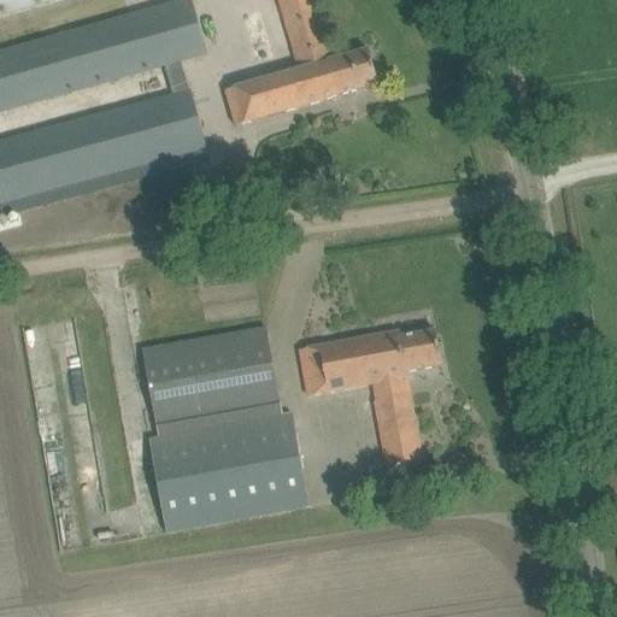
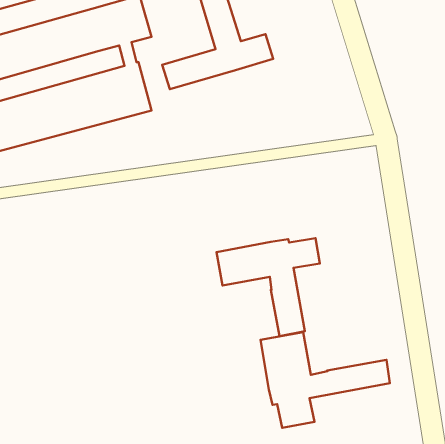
building: [140,325,307,529] -> none
building: none -> [260,332,390,428]

